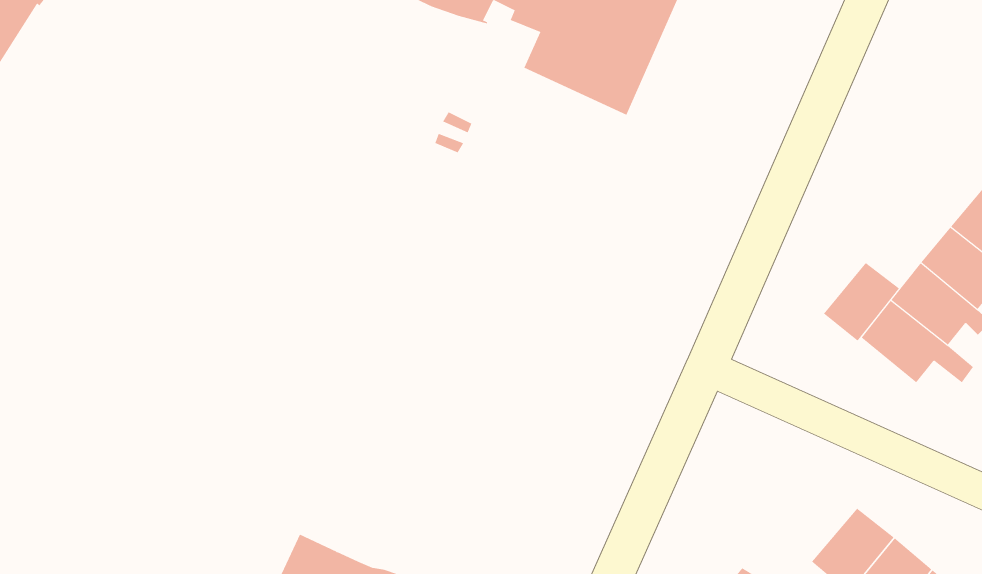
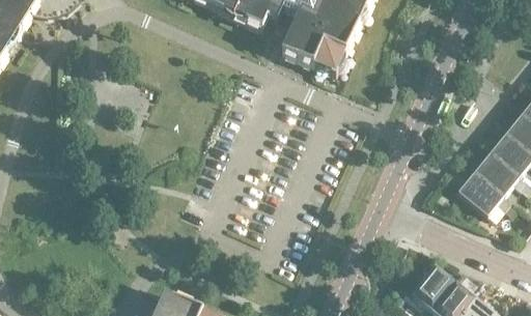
building: [823,262,900,342] -> none
building: none -> [411,261,455,307]

